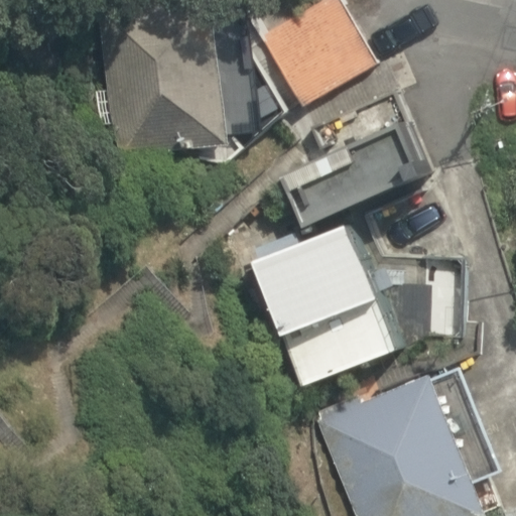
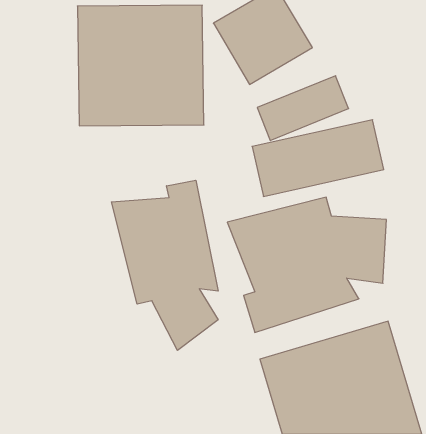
building: none -> [111,180,218,350]

